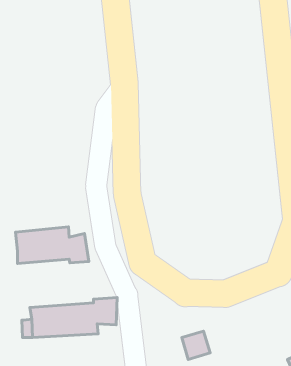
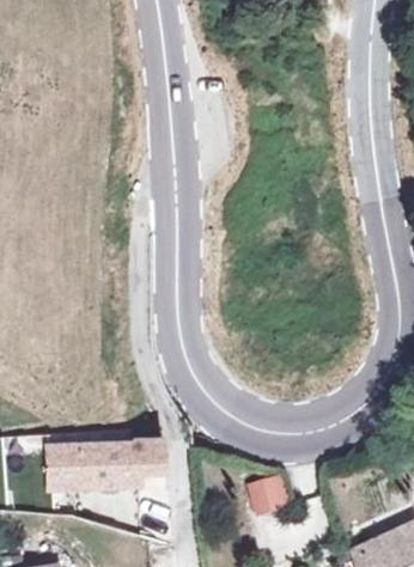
building: [16,227,89,264] -> none

